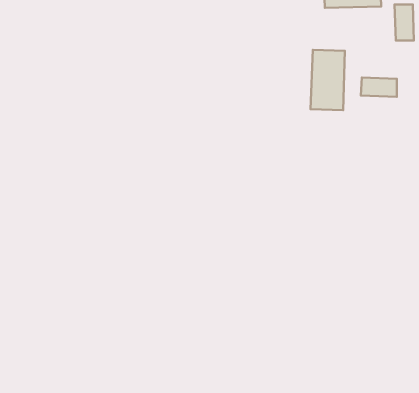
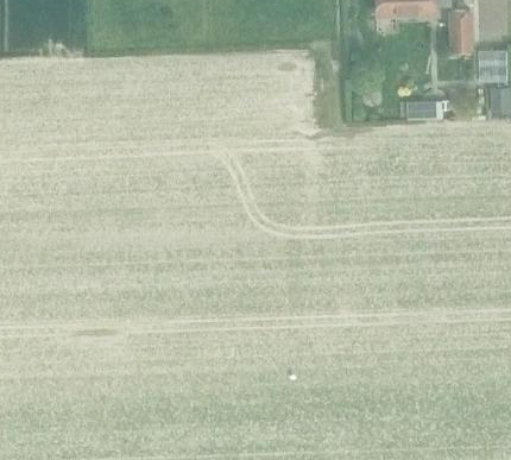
building: [310,50,345,110] -> none

